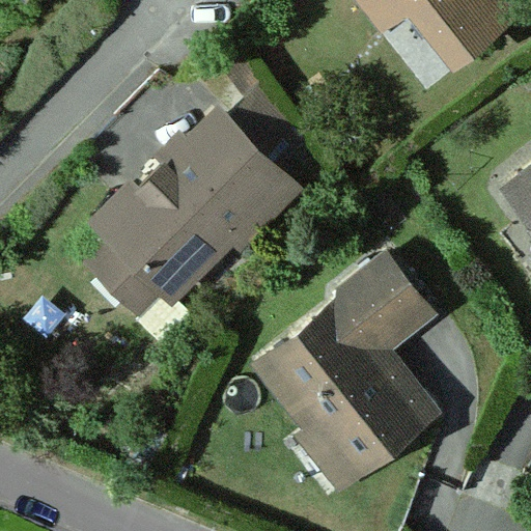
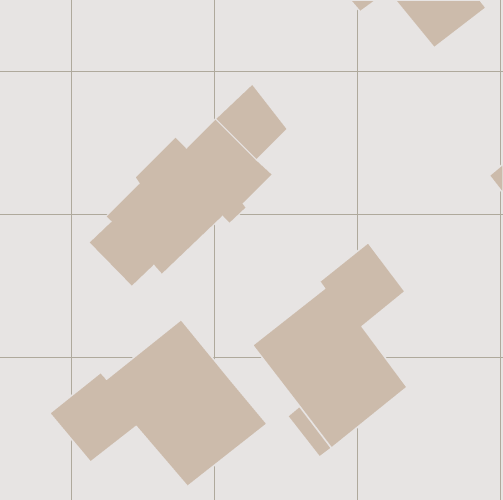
building: none -> [50,319,267,487]

